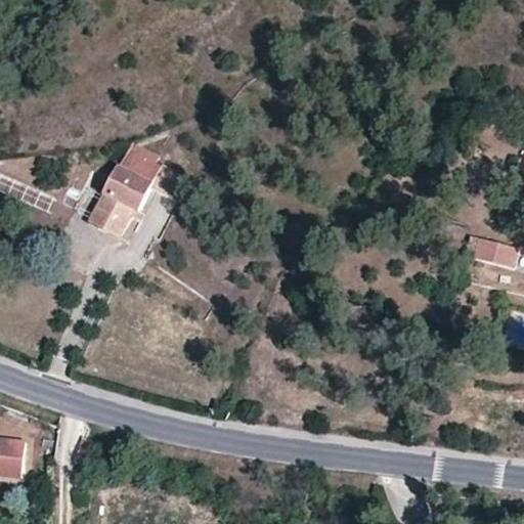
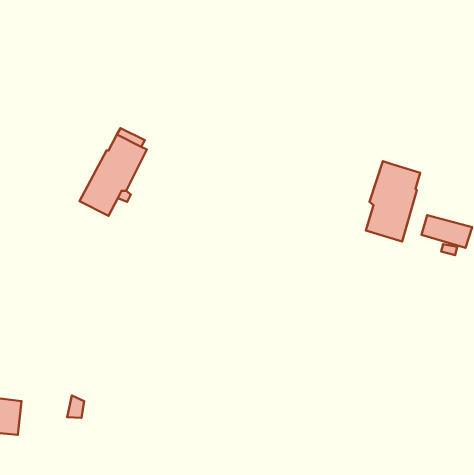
building: none -> [366,161,420,242]

